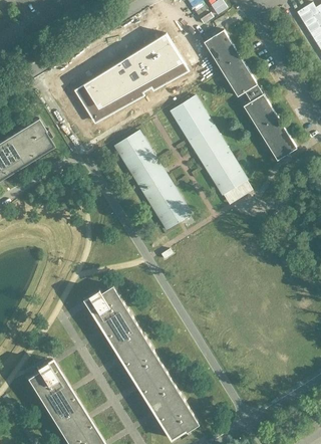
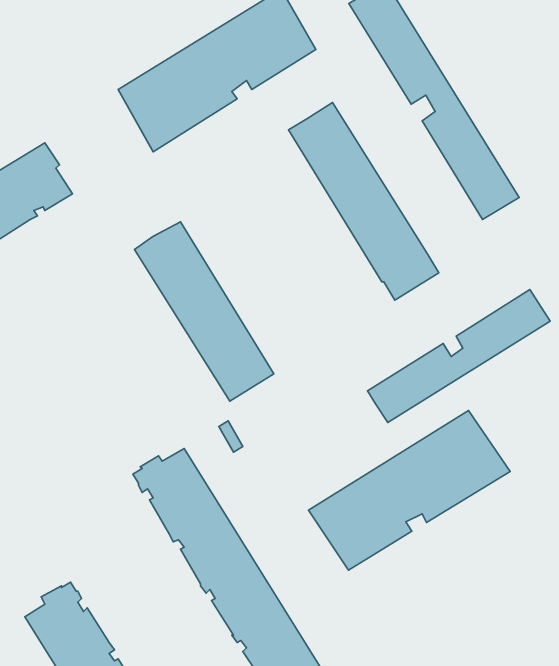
building: [114,132,191,230] -> [135,222,274,401]
building: none -> [367,289,550,423]
building: none -> [308,410,510,570]

